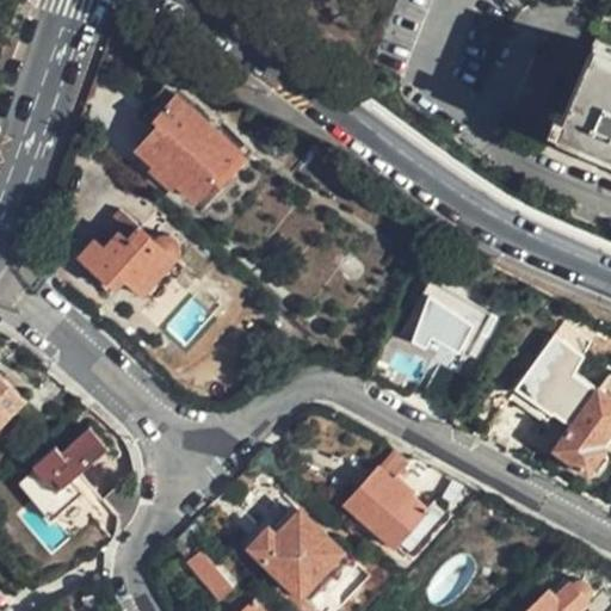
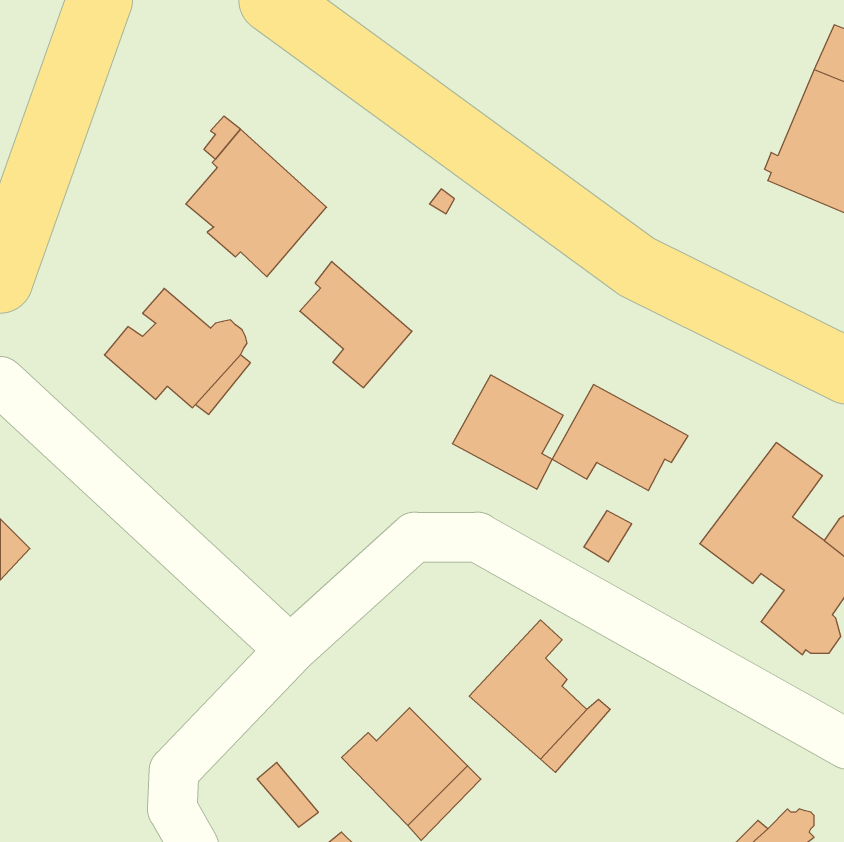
building: none -> [300,261,412,388]
building: none -> [452,375,563,489]
building: [18,431,107,524] -> none

